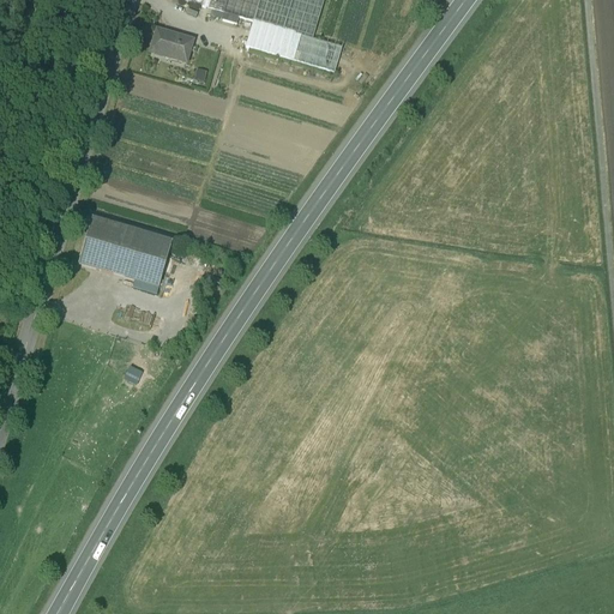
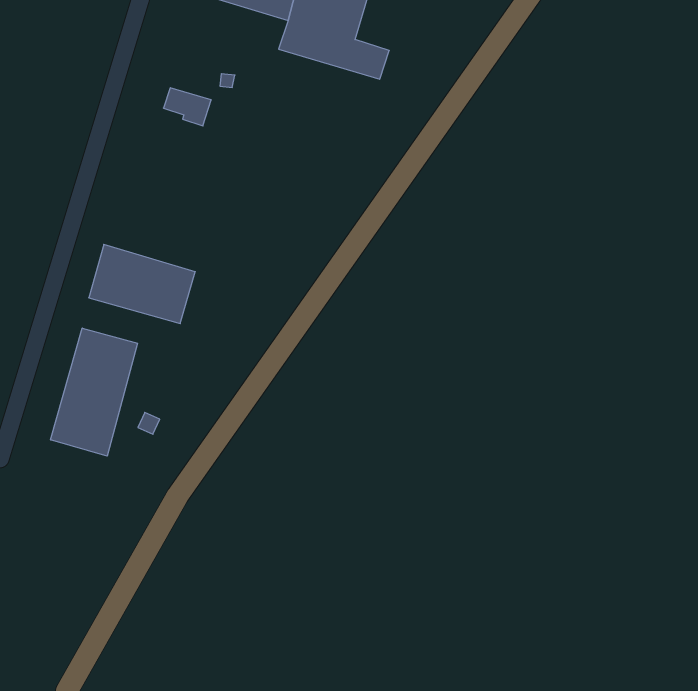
building: [150,28,192,61] -> [163,88,211,126]
building: none -> [51,328,138,456]

